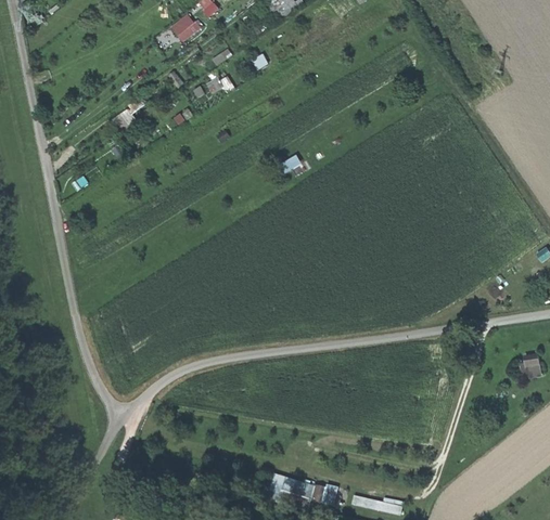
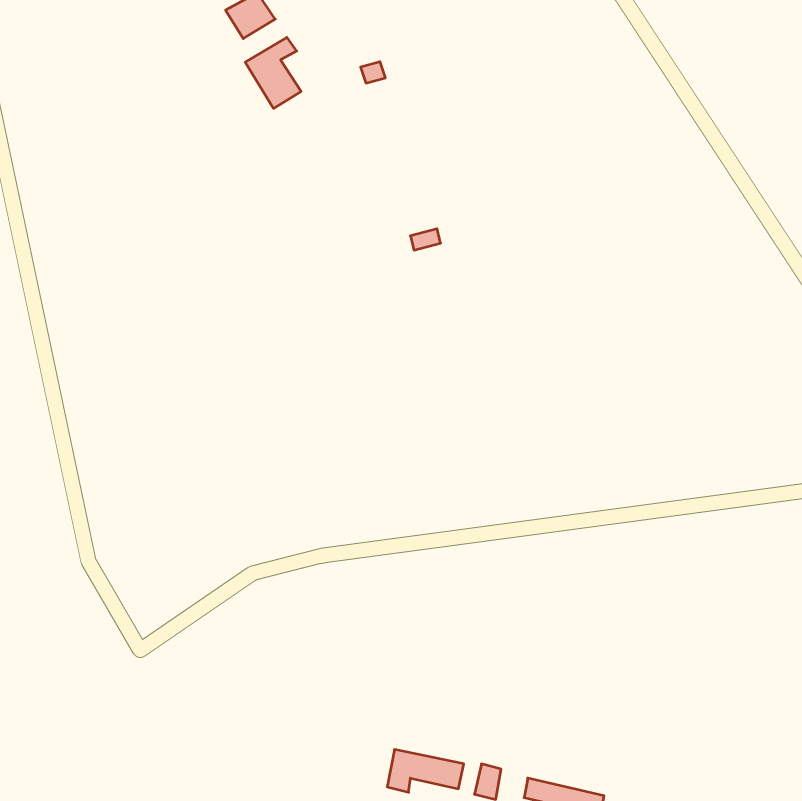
building: none -> [245,37,301,108]

